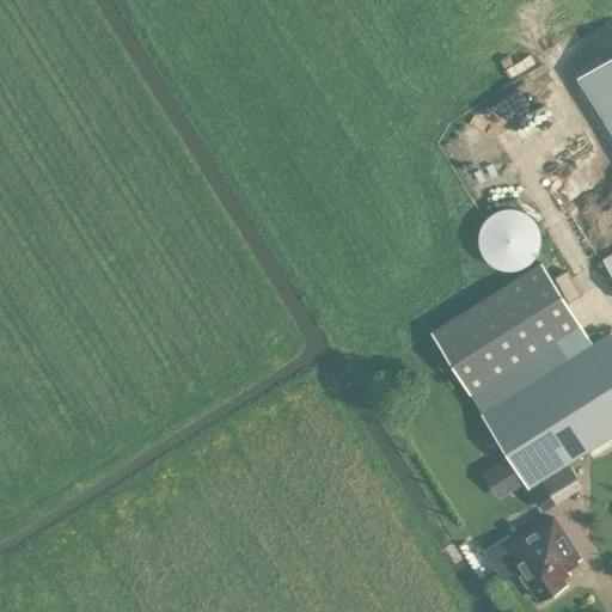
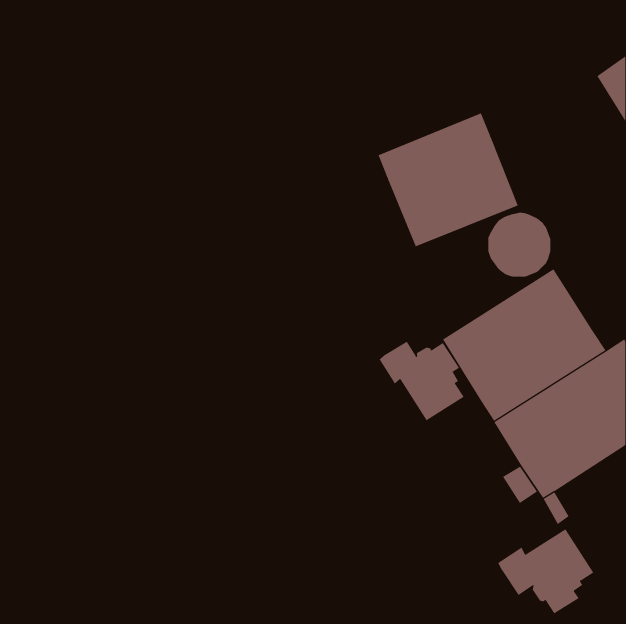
building: none -> [378,113,518,247]
building: none -> [379,341,464,421]

